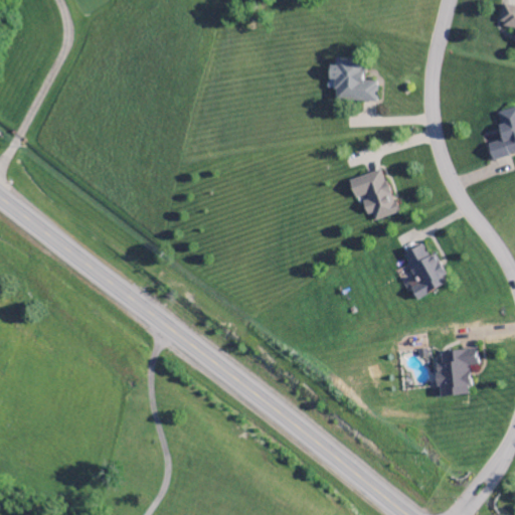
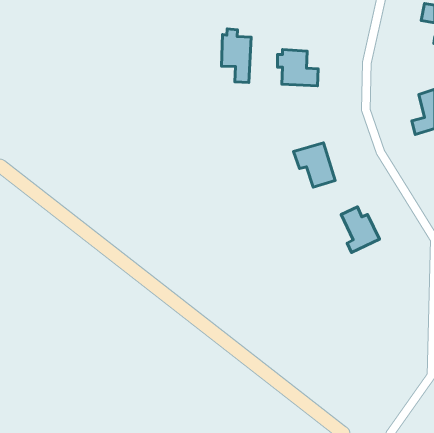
building: none -> [222,29,251,82]
building: [434,349,479,396] -> none

